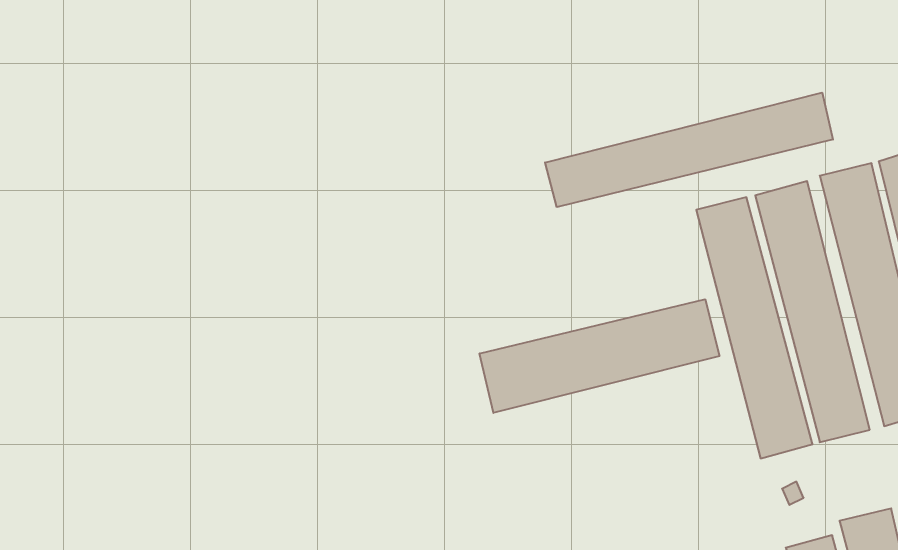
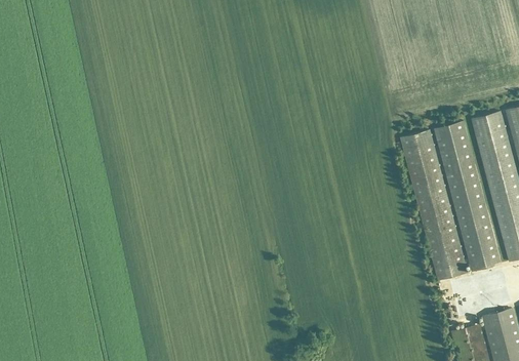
building: [545,93,833,207] -> none
building: [480,299,719,413] -> none

